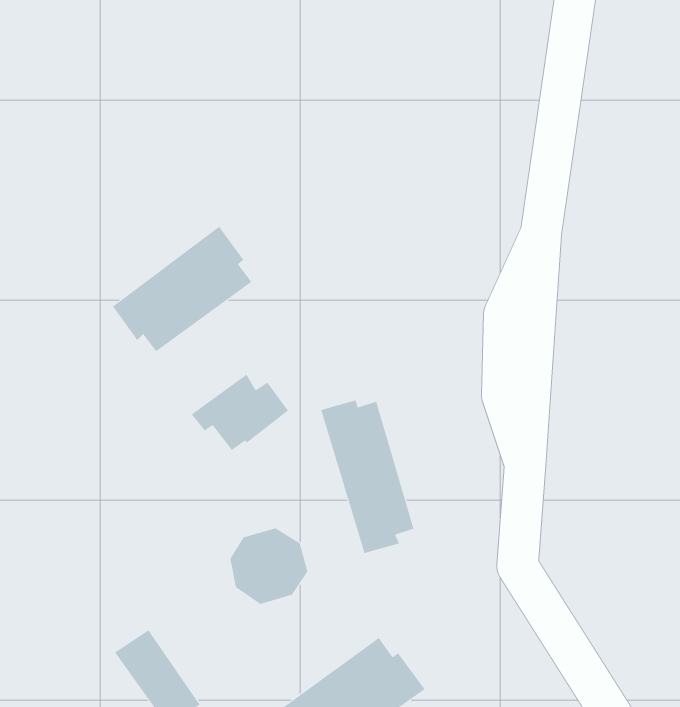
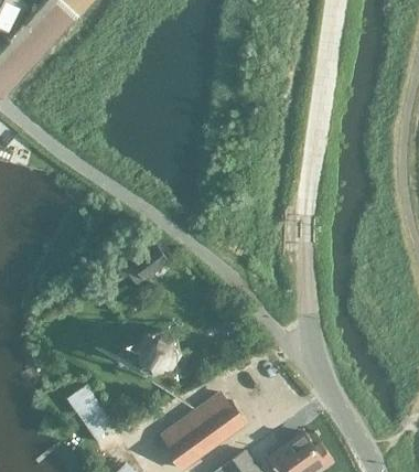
building: [112,226,252,352] -> none
building: [320,399,414,554] -> none

